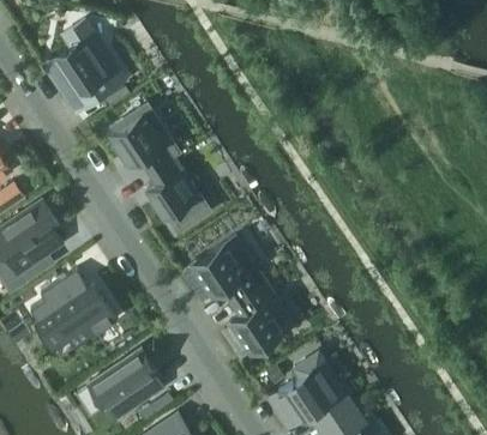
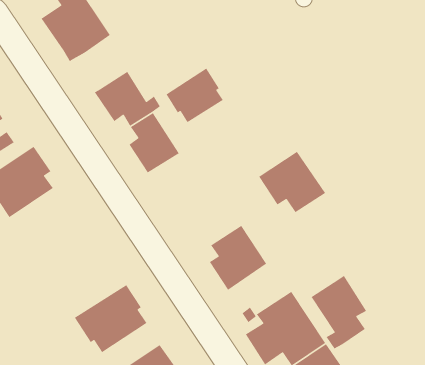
building: none -> [165,67,224,123]
building: [193,237,266,304] -> [258,151,326,213]
building: [32,270,116,355] -> none
building: none -> [311,275,367,350]

